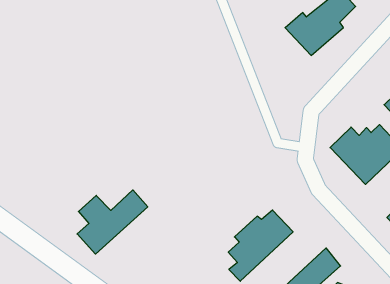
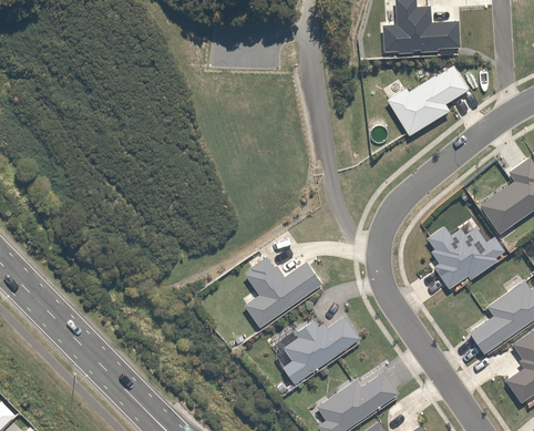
building: [77,190,148,254] -> [238,263,325,330]

